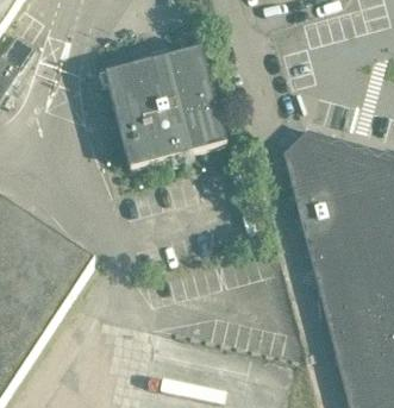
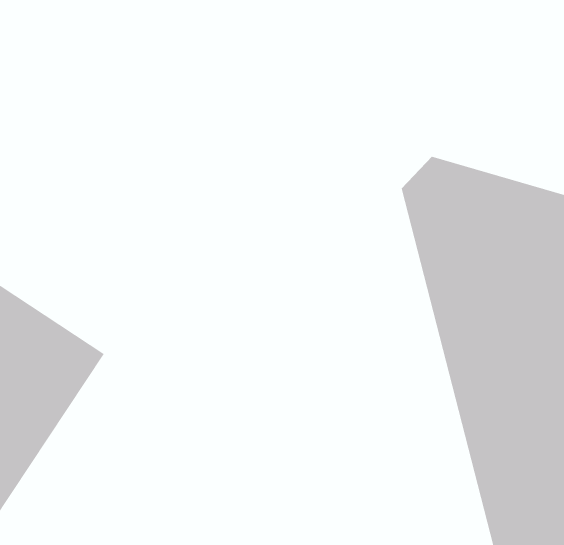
building: [102,44,224,165] -> none

